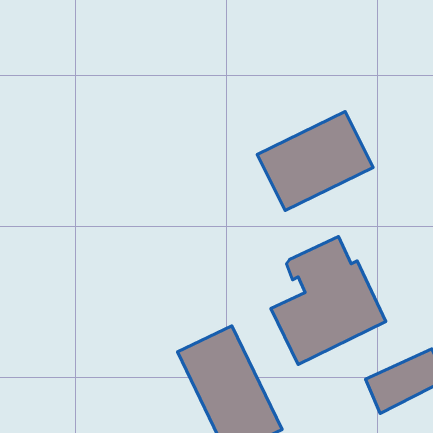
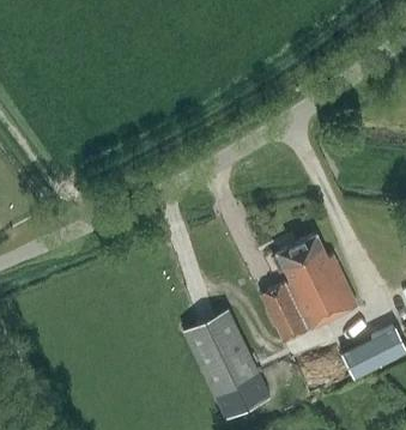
building: [257,112,373,210] -> none

